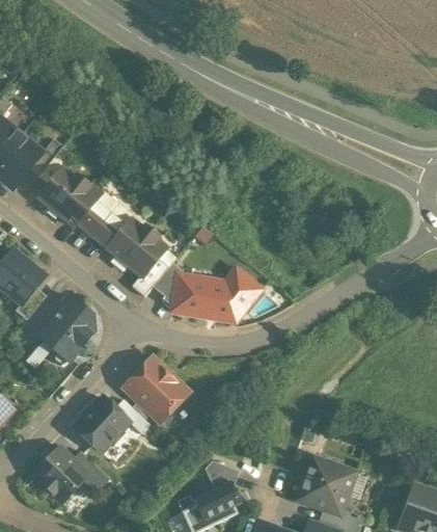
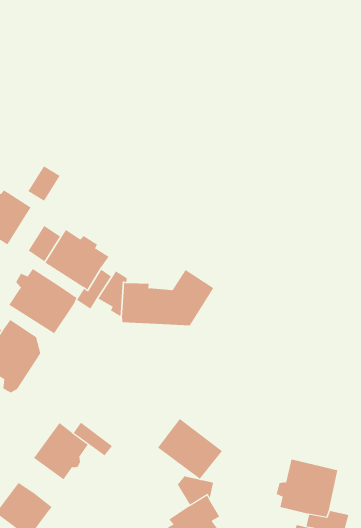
building: [79,202,111,235] -> [27,166,60,201]
building: none -> [9,268,77,334]
building: [127,360,187,419] -> [157,418,223,480]
building: [74,451,109,490] -> none

